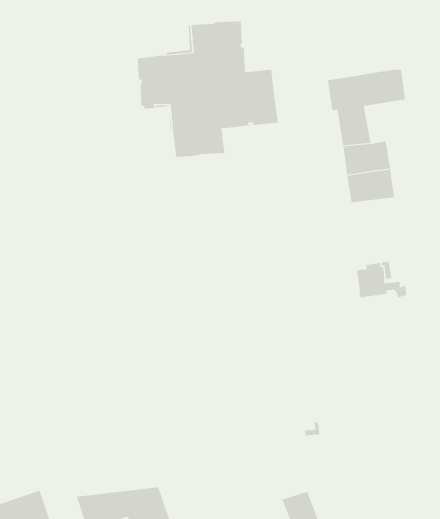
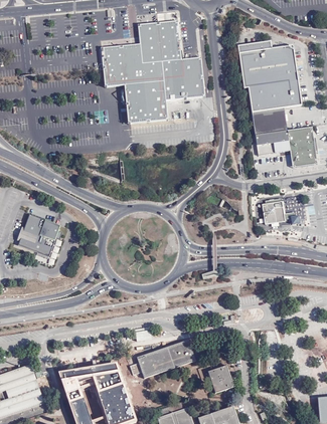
building: none -> [237,40,295,65]
building: none -> [268,79,301,112]
building: none -> [287,127,317,167]
building: none -> [19,214,61,256]
building: none -> [137,339,196,378]

